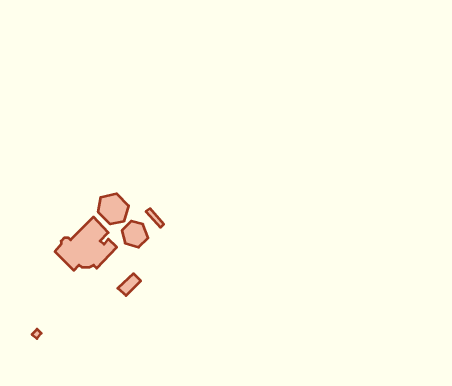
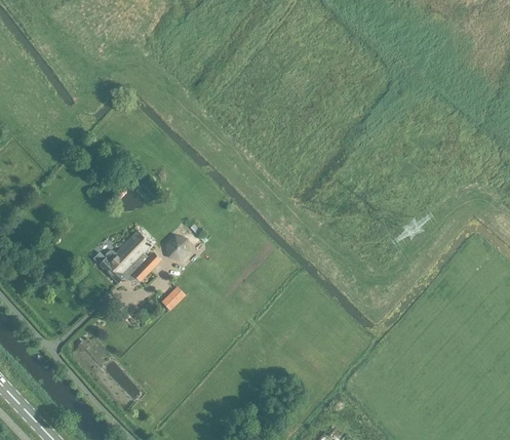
building: [98,194,129,224] -> none

